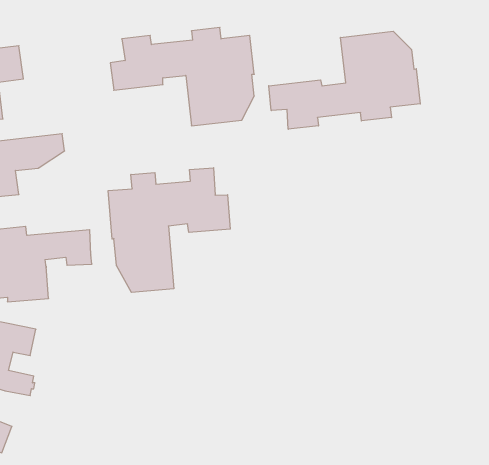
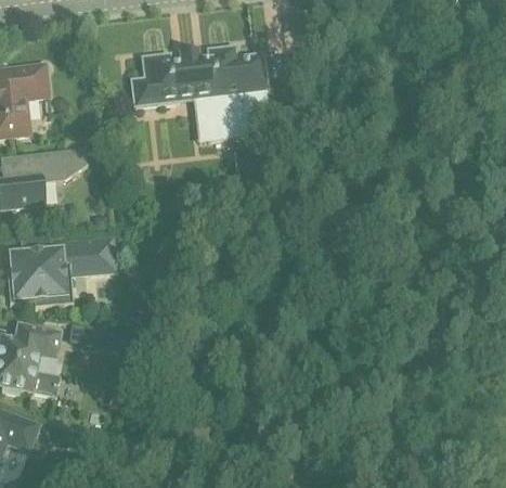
building: [269,31,420,129] -> none
building: [108,168,230,292] -> none

